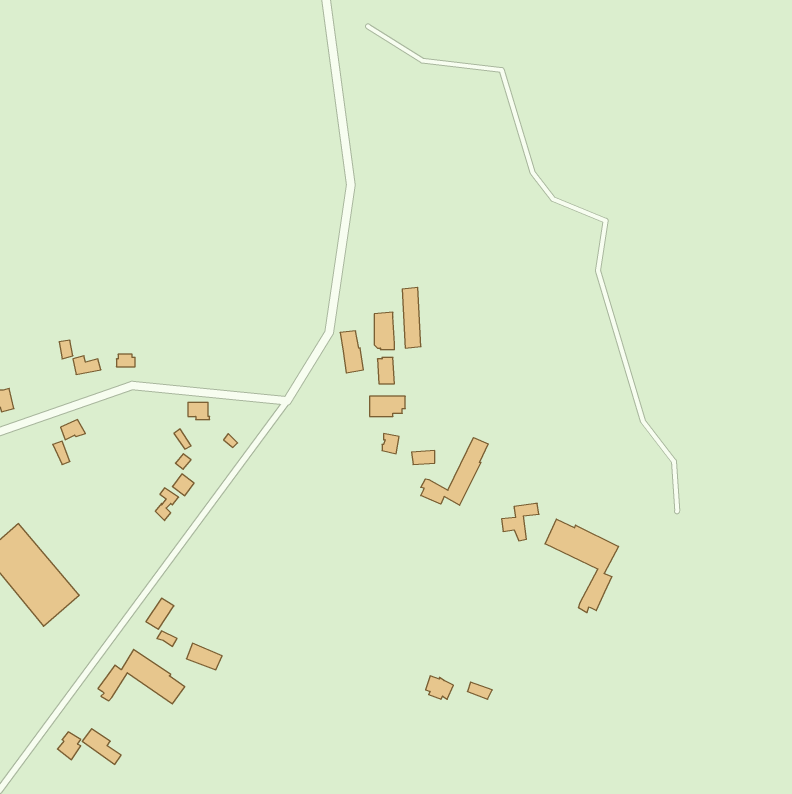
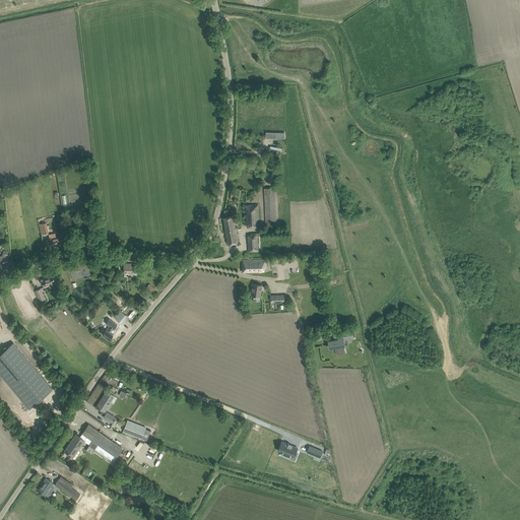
building: [421,438,488,505] -> none
building: [545,519,619,613] -> none

